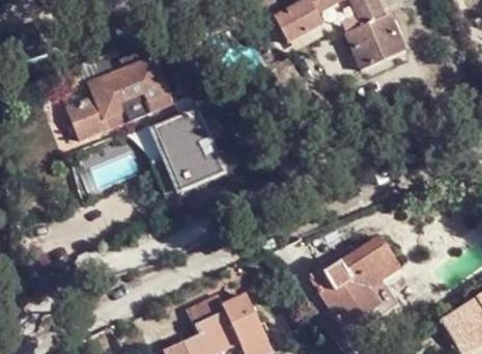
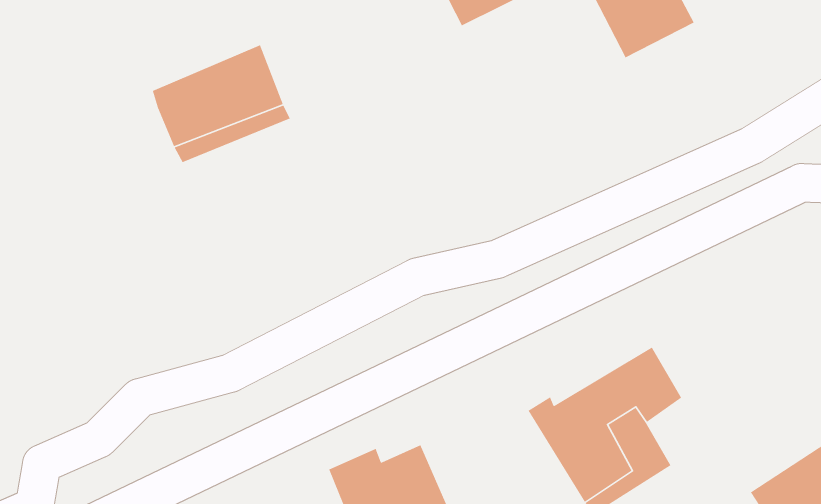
building: [67,97,108,140] -> none
building: [143,107,219,192] -> none

